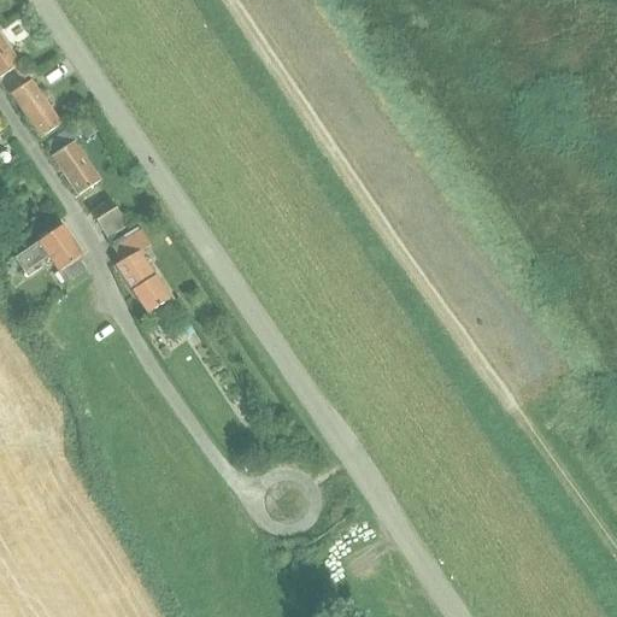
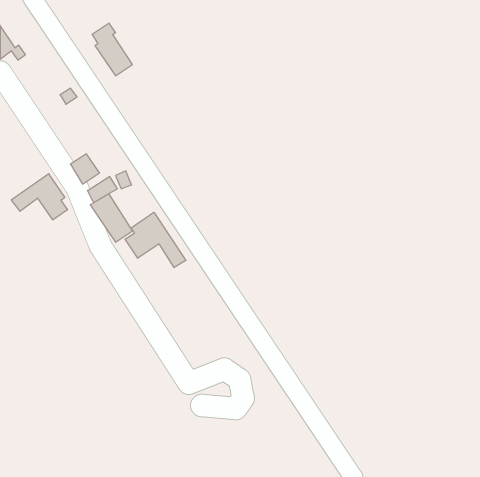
building: [11,77,61,136] -> none
building: [48,125,100,193] -> [92,23,132,76]
building: none -> [125,212,186,268]

